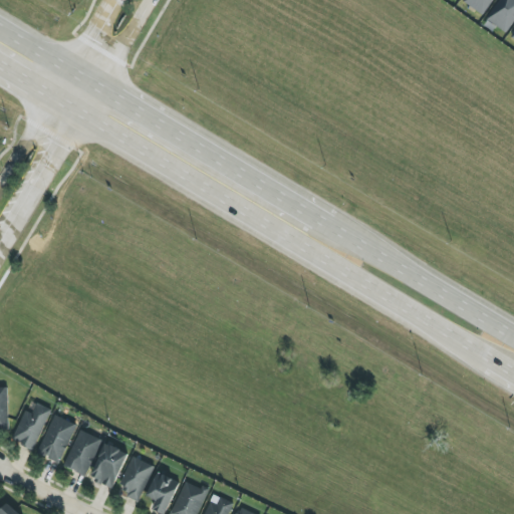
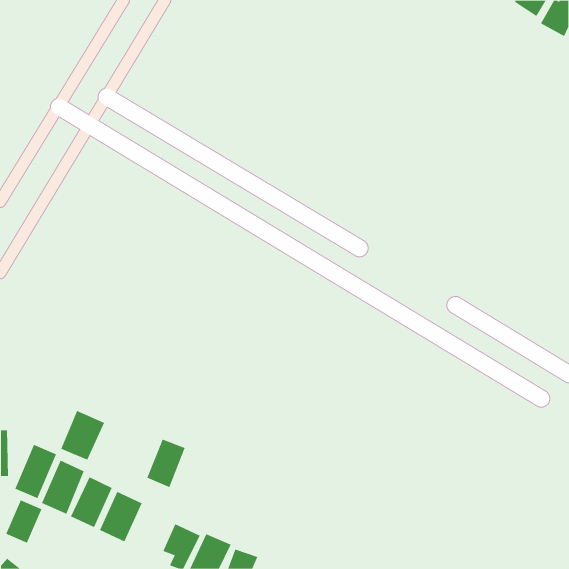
building: none -> [60,410,105,461]
building: none -> [6,499,42,543]
building: [118,457,154,501] -> [146,439,185,488]

